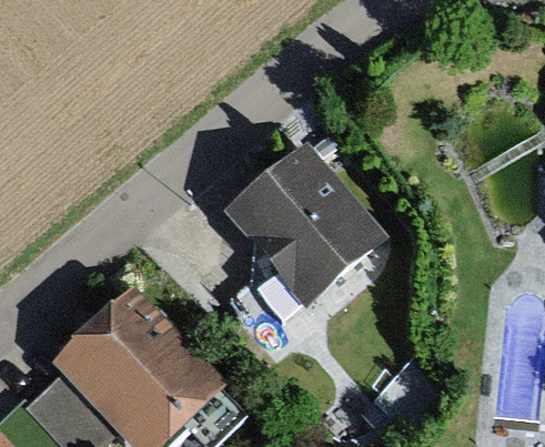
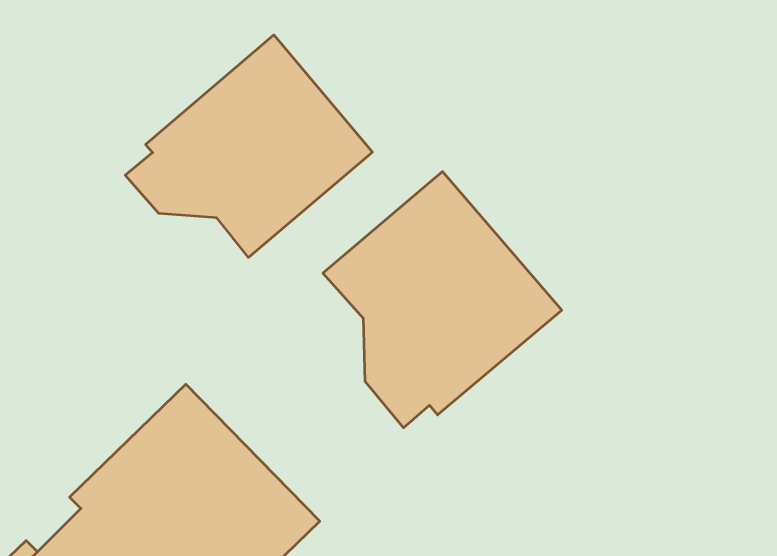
building: none -> [125,35,372,257]

